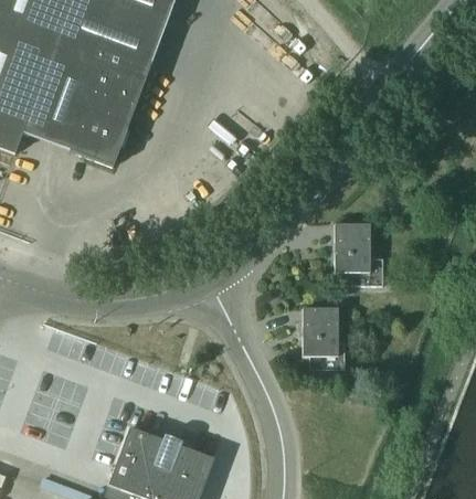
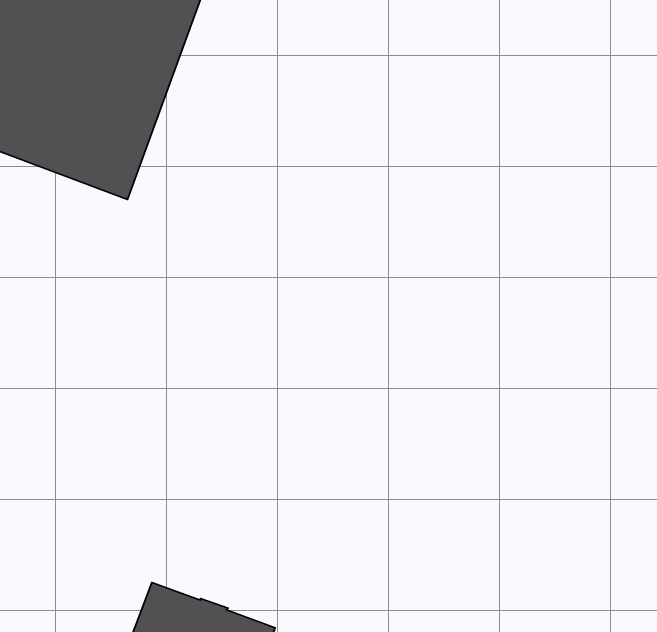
building: [335,223,382,285] -> none
building: [302,307,338,355] -> none

